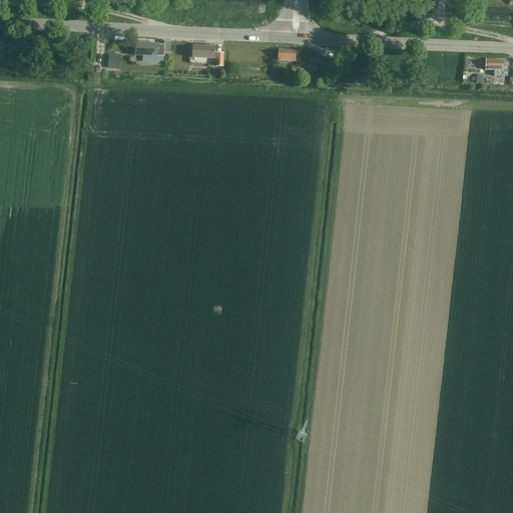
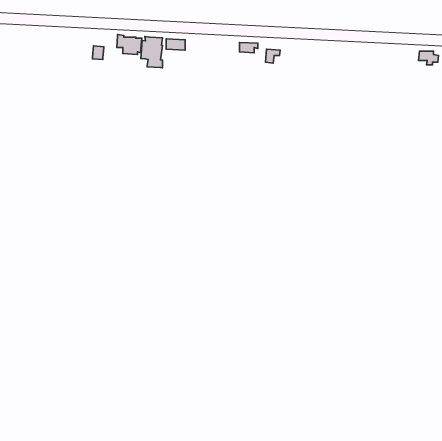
building: none -> [141,37,163,68]

